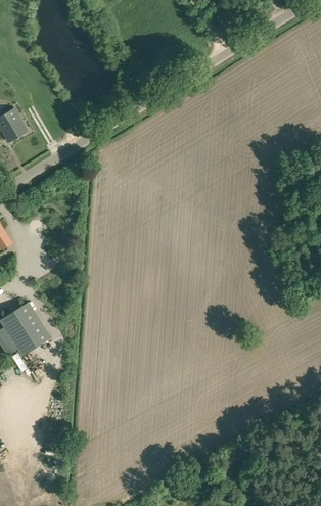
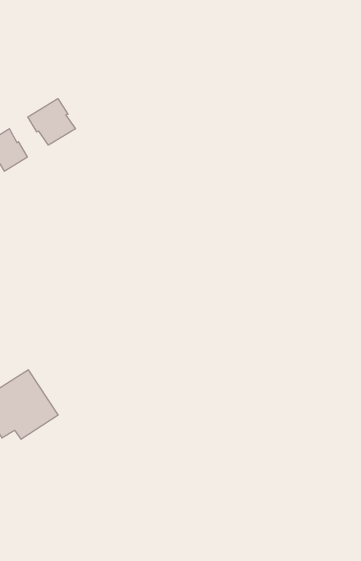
building: none -> [28,99,75,145]

